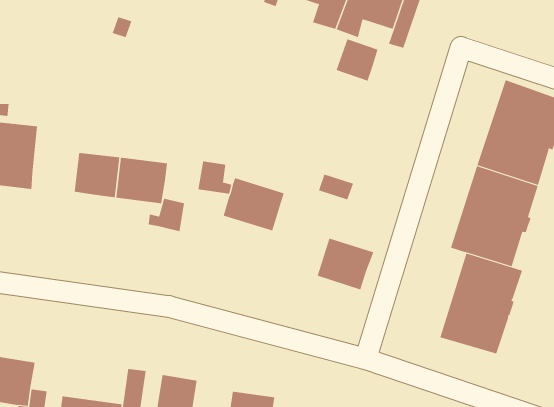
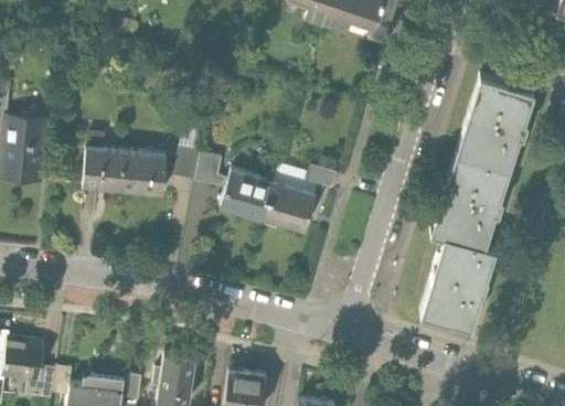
building: [336,39,378,81] -> none
building: [148,198,185,232] -> [167,148,201,179]
building: [317,238,374,290] -> [266,182,319,231]

